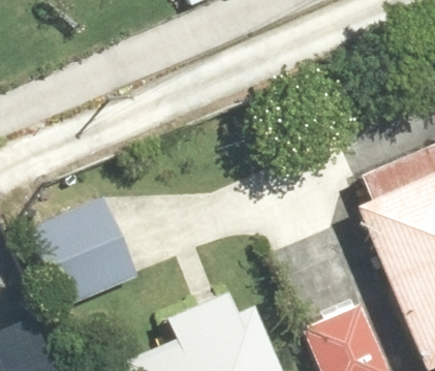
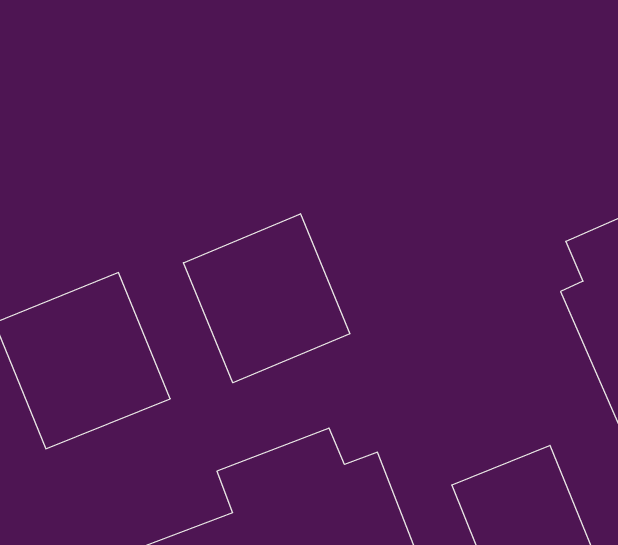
building: none -> [183,214,350,383]

